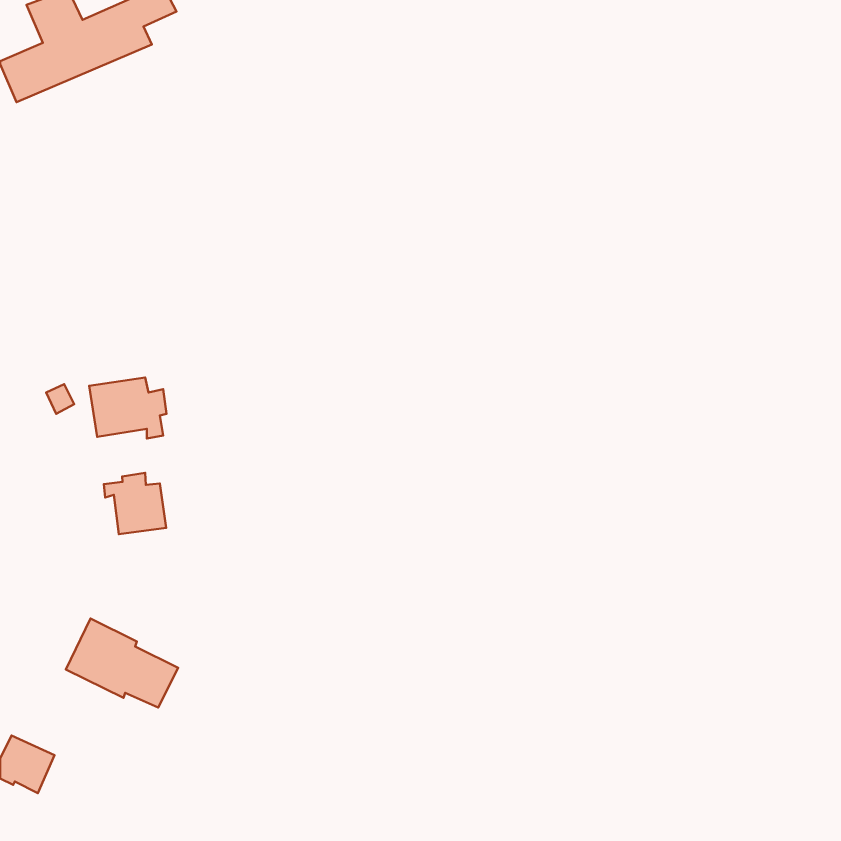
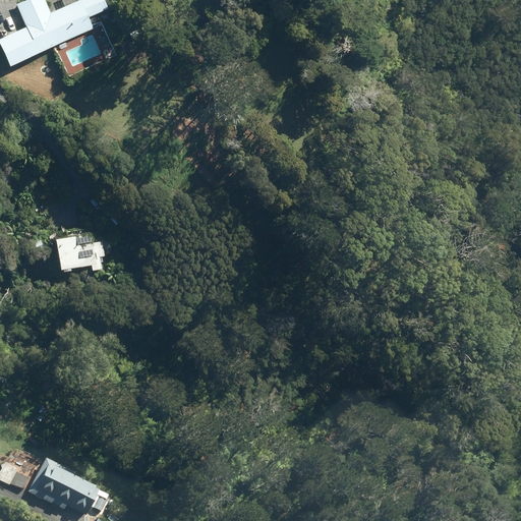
building: [104,473,166,534] -> none
building: [66,619,178,708] -> [26,460,96,515]

